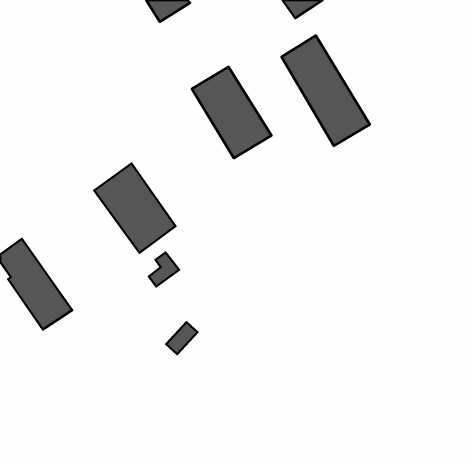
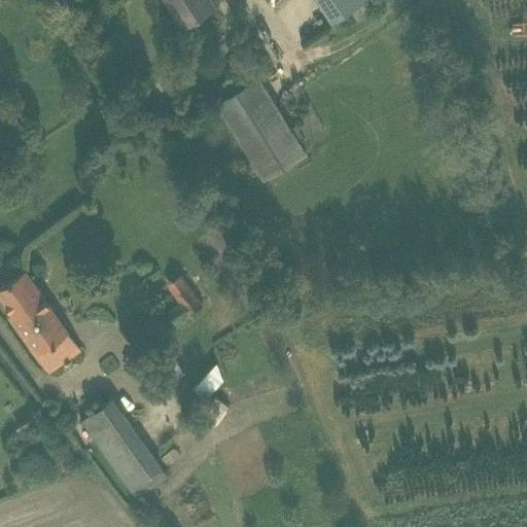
building: [281,36,370,146] -> none
building: [94,163,176,253] -> none
building: none -> [81,400,162,492]

